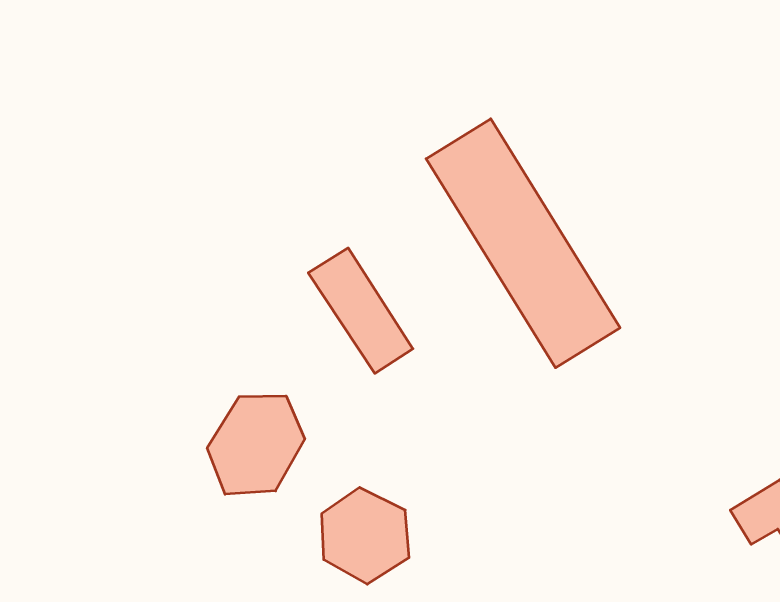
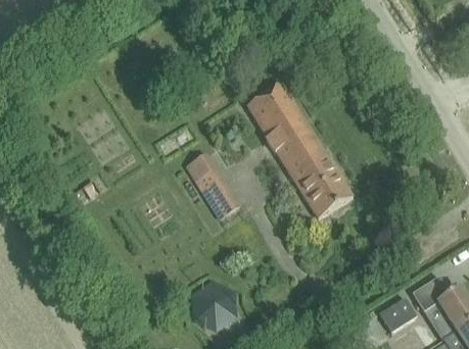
building: [207,396,305,494] -> none
building: none -> [372,297,417,337]

